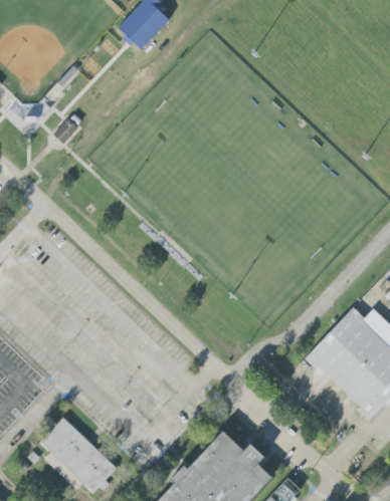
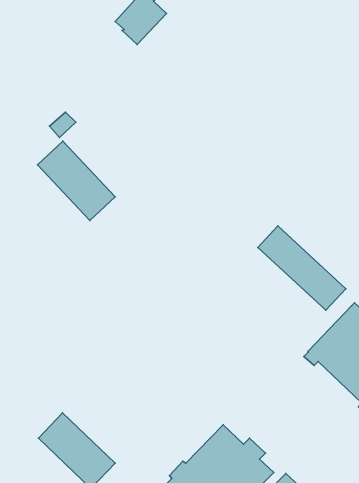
building: none -> [37,141,115,221]
building: none -> [258,226,346,310]

